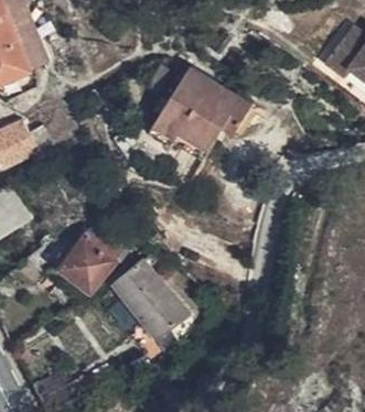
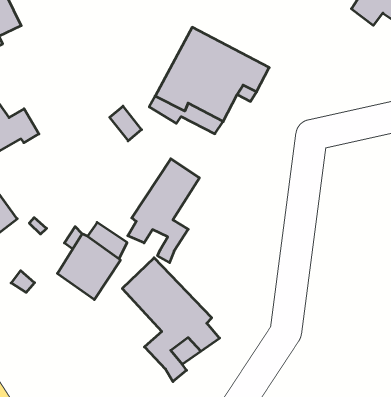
building: none -> [128,159,199,263]

